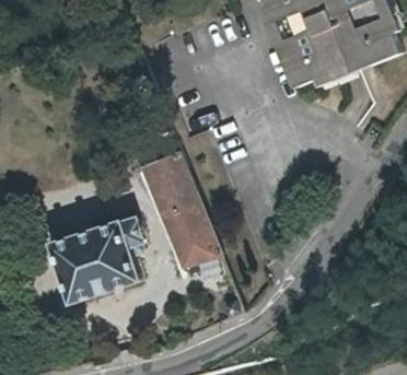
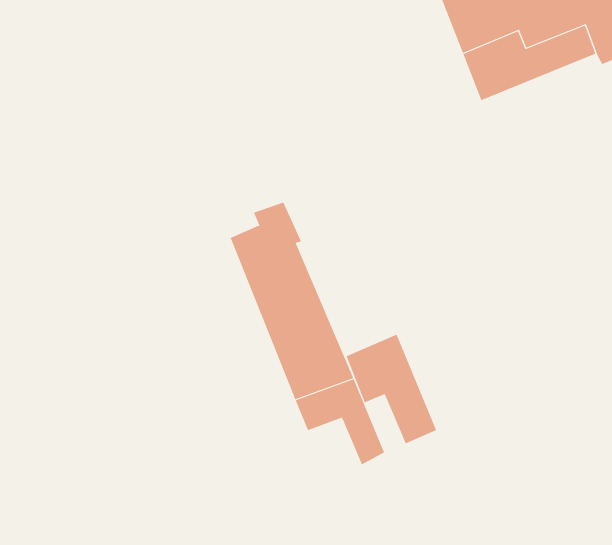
building: [50,216,143,302] -> none
building: none -> [346,334,437,444]

